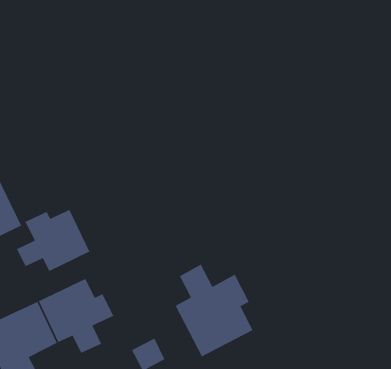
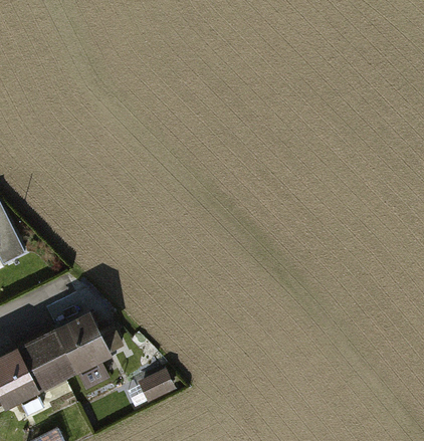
building: [16,209,90,272] -> none
building: [174,263,253,358] -> none

